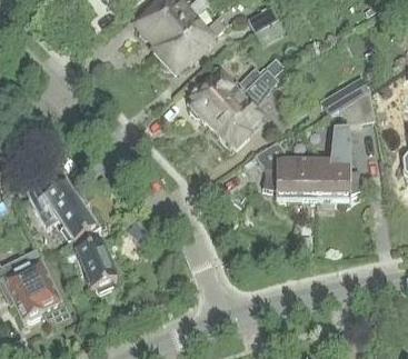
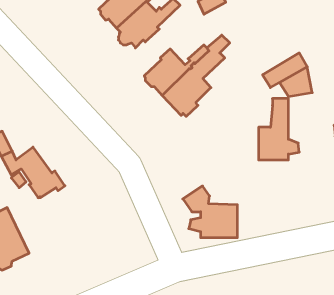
building: [255,138,316,196] -> [183,186,237,238]
building: [71,227,116,287] -> none

